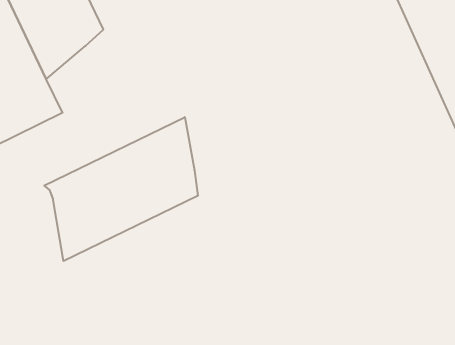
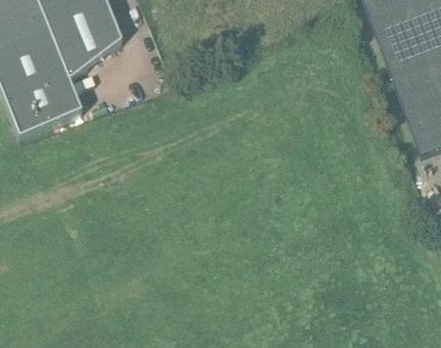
building: [44,117,198,261] -> none

